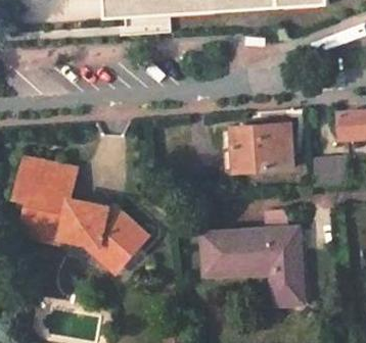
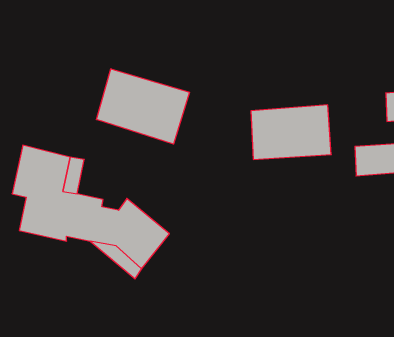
building: none -> [96,69,190,144]
building: [197,228,302,305] -> none

